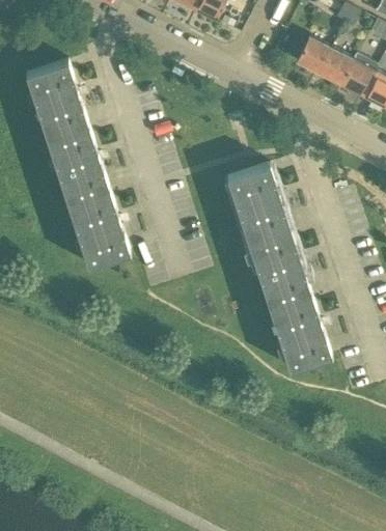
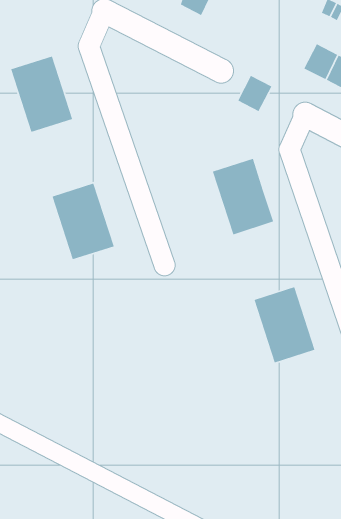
building: [296,36,331,74] -> [237,75,272,112]
building: [45,124,108,201] -> none
building: [247,227,309,305] -> none

